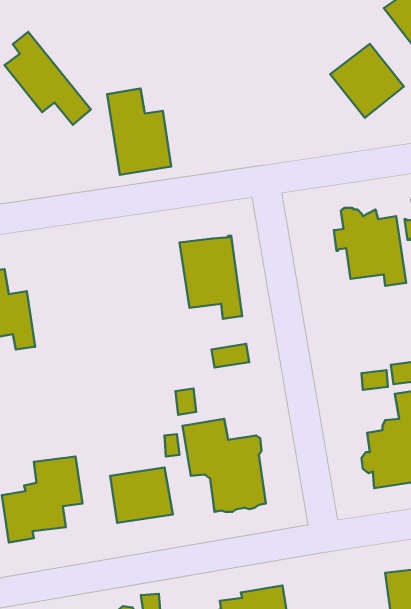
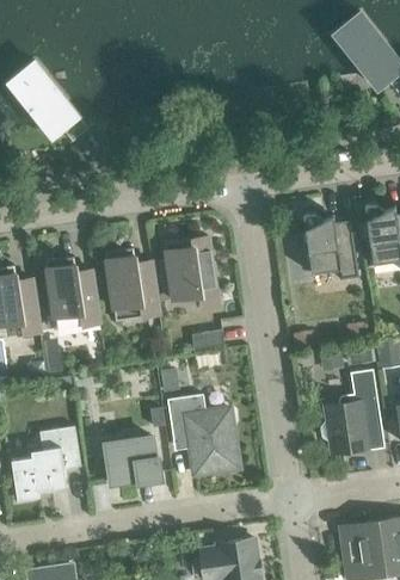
building: [330,44,404,118] -> none
building: [107,89,171,175] -> [104,247,159,321]
building: none -> [44,257,99,329]

